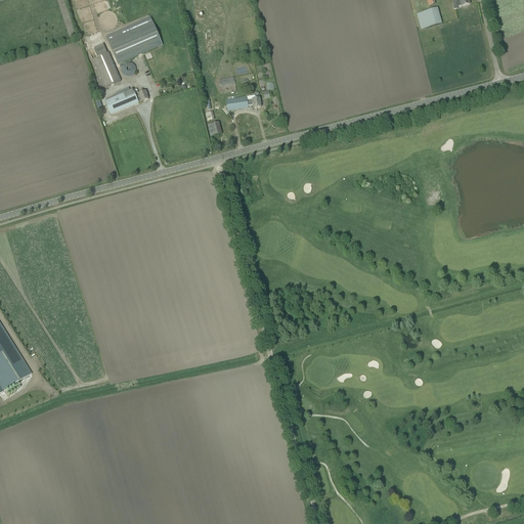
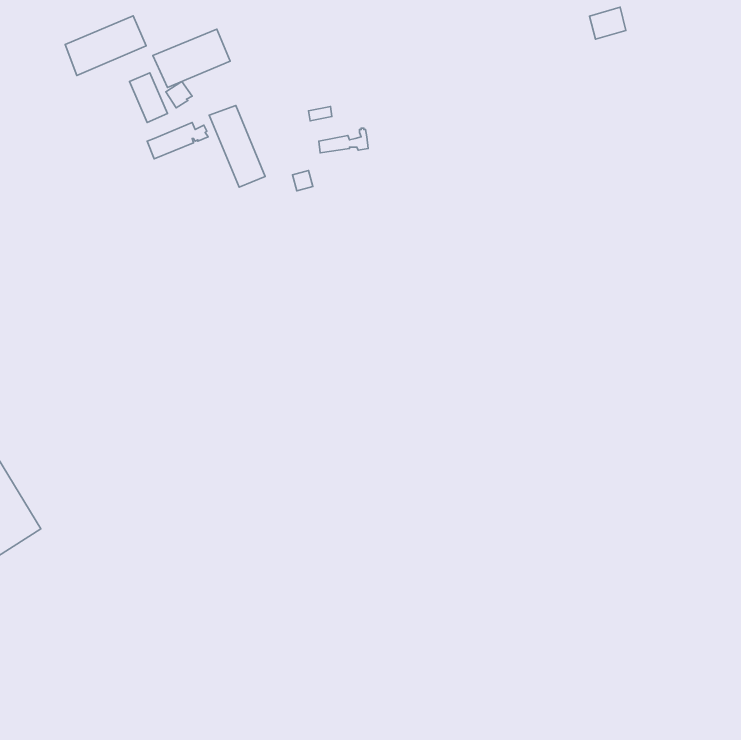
building: none -> [65,16,146,76]
building: none -> [209,106,265,187]

